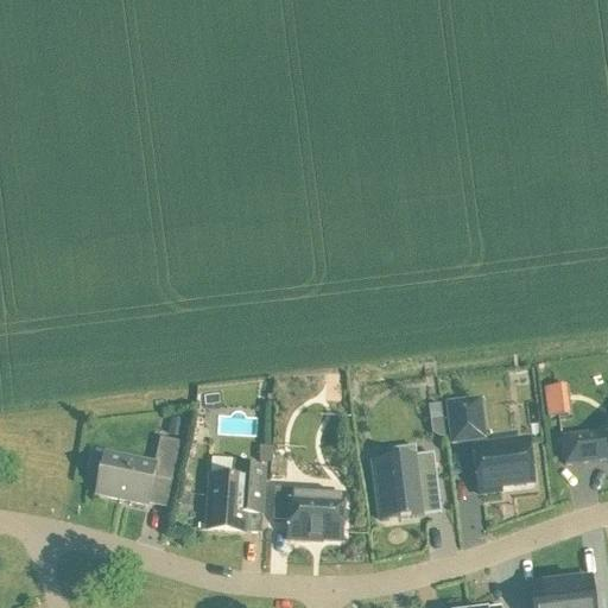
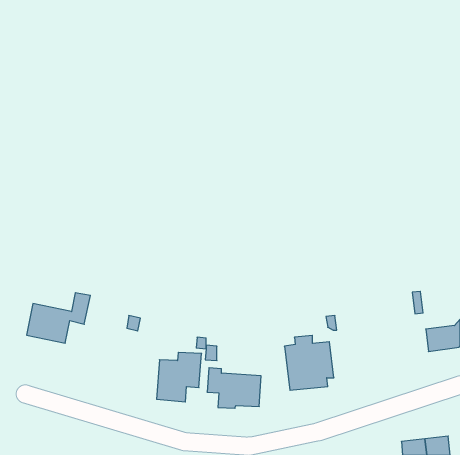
building: [445,398,479,438] -> none
building: [96,437,180,504] -> [27,293,90,343]
building: [474,438,533,492] -> none

